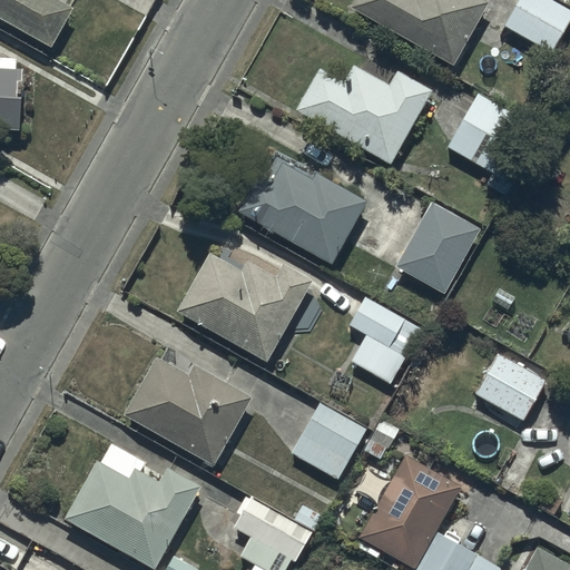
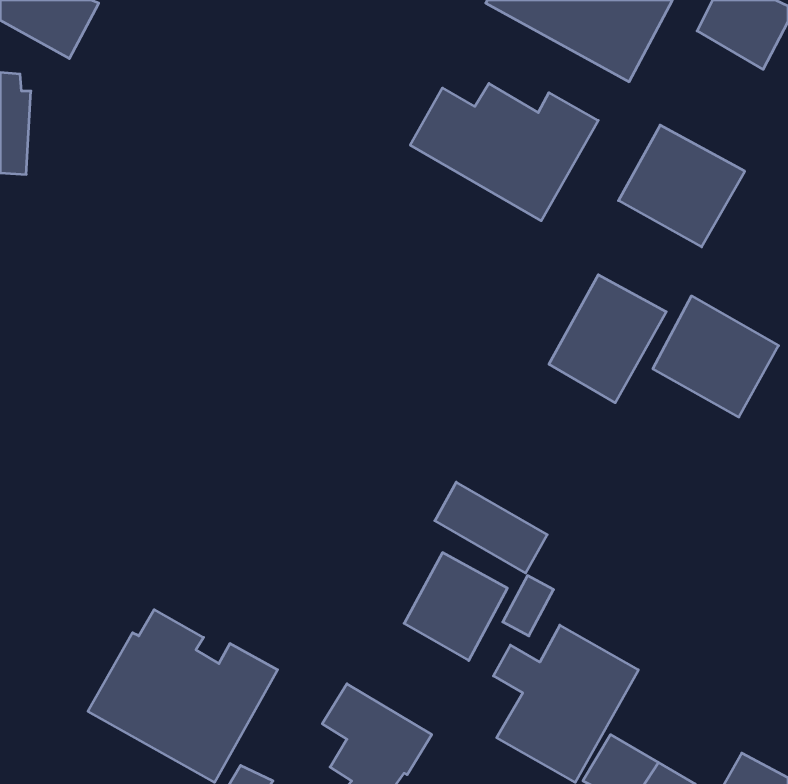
building: [237,163,367,263] -> none
building: none -> [653,296,779,417]
building: [176,250,313,361] -> none
building: [348,296,430,362] -> [435,482,547,573]
building: [472,352,547,423] -> none
building: [122,355,250,465] -> none

